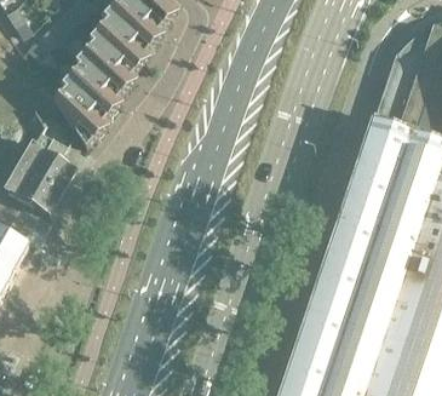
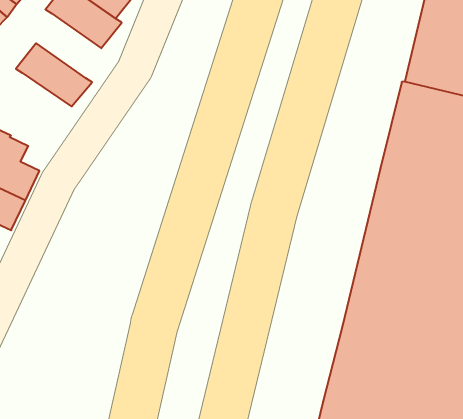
building: [76,39,136,93] -> none
building: [54,85,108,143] -> none

